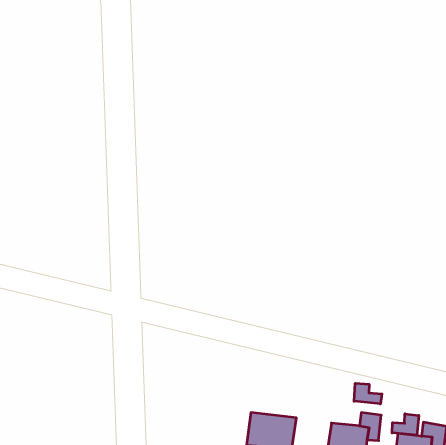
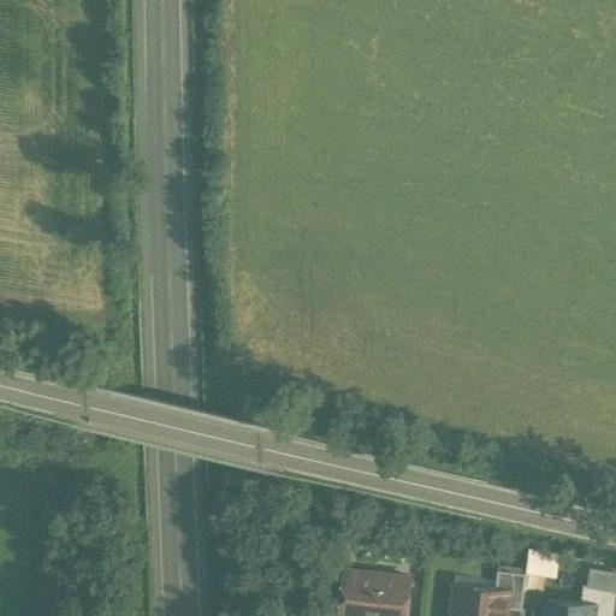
building: [354,383,382,404] -> none
building: [392,414,419,435] -> none

